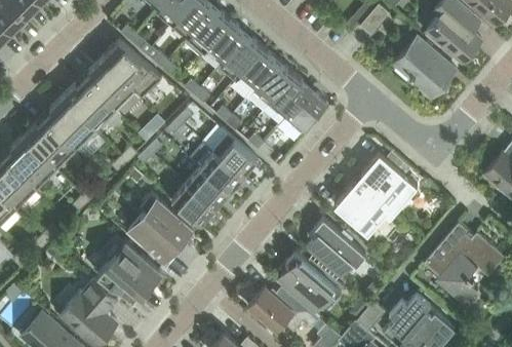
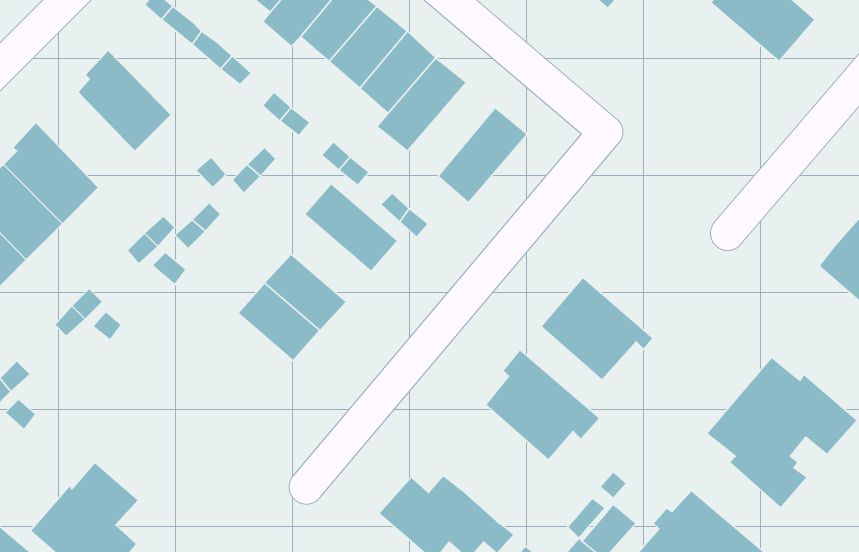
building: [393,36,456,98] -> none
building: [102,40,162,97] -> none
building: [263,74,310,124] -> none
building: [63,79,116,130] -> none
building: [191,142,243,192] -> none
building: [357,151,418,211] -> none
building: [128,192,193,263] -> none
building: [97,241,161,304] -> none
building: [276,250,345,313] -> none

